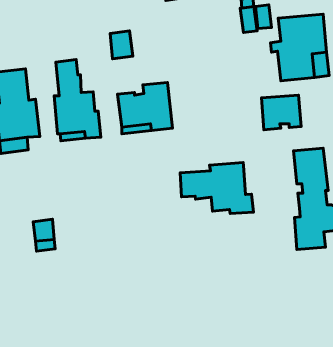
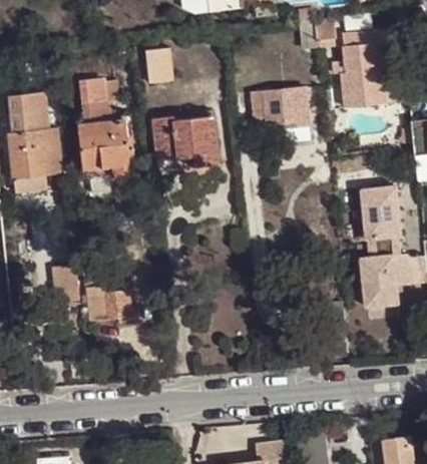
building: [261,95,301,130] -> [262,87,309,128]
building: [180,162,254,214] -> none
building: none -> [85,292,135,323]

